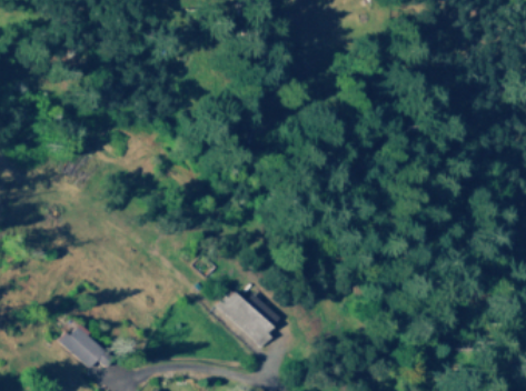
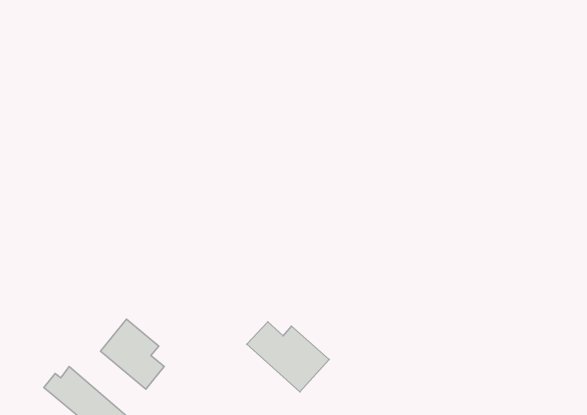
building: none -> [100,319,164,389]

